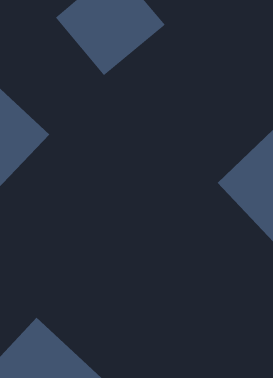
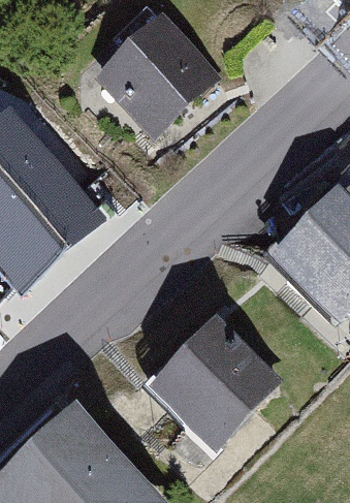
building: none -> [141,321,266,446]

